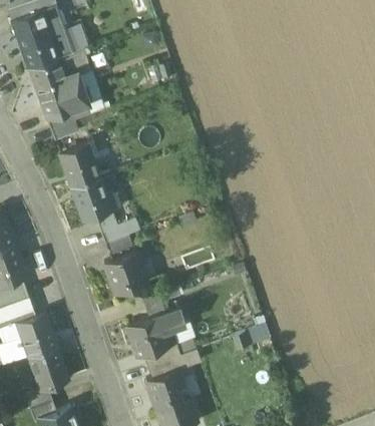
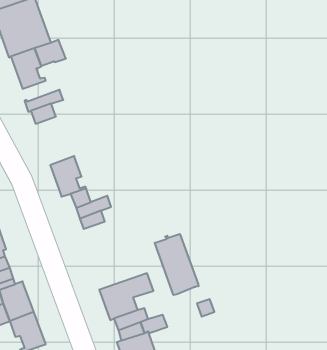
building: [43,73,88,117] -> none
building: [61,141,99,186] -> none
building: [105,250,147,292] -> none
building: none -> [155,234,199,295]

